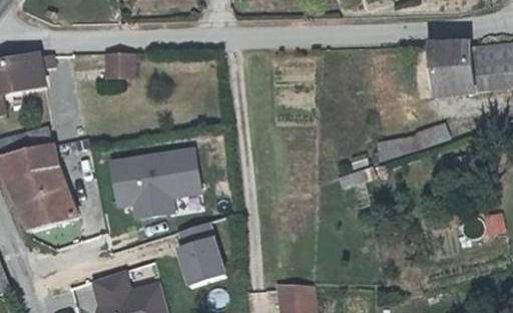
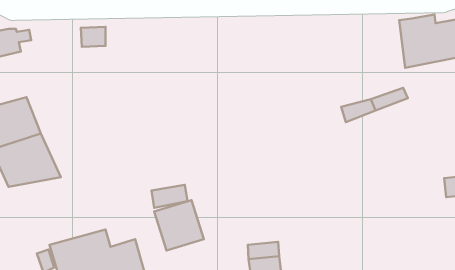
building: [111,148,203,222] -> none

